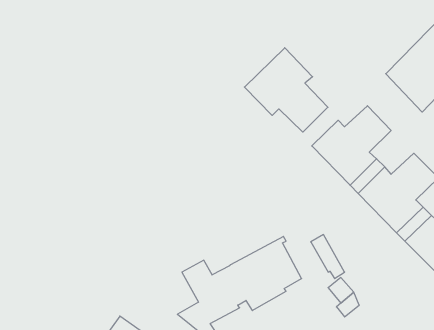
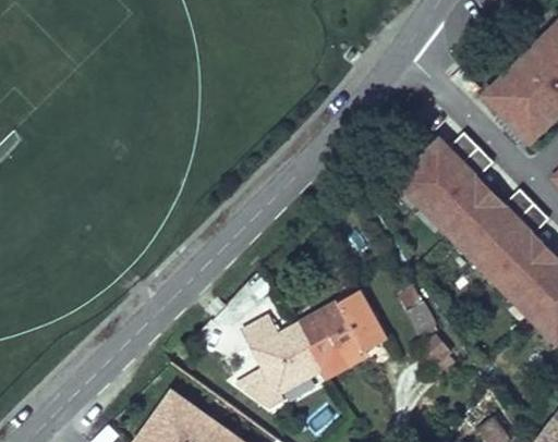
building: [244,48,328,132] -> none

